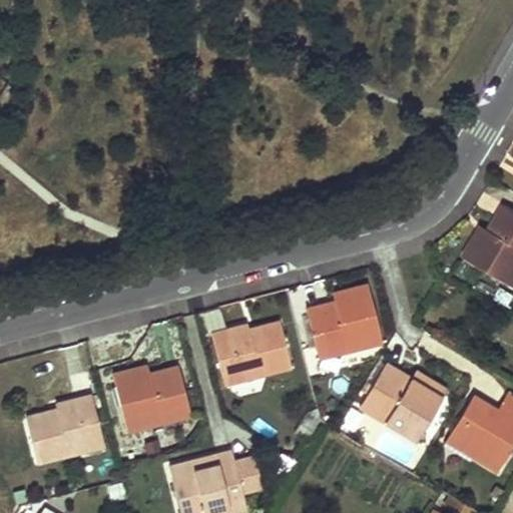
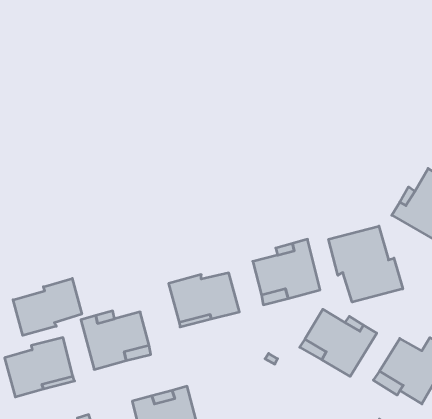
building: none -> [329,226,403,302]
building: none -> [13,278,82,335]

